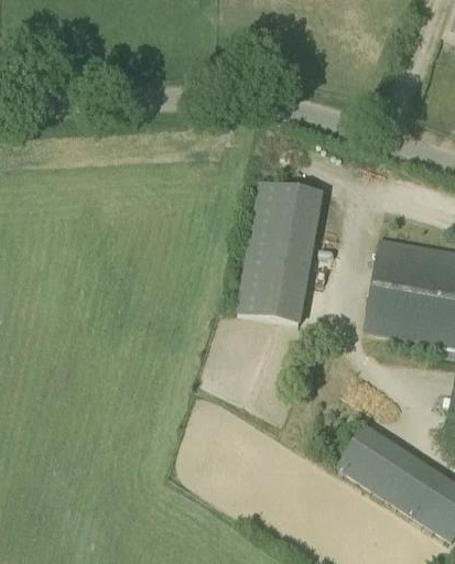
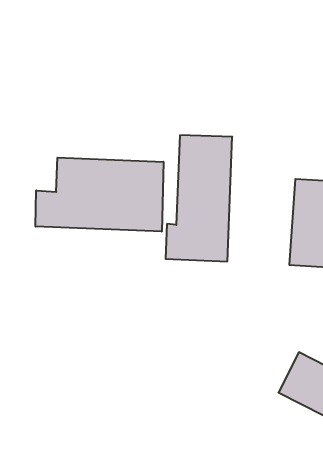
building: none -> [36,158,163,232]

